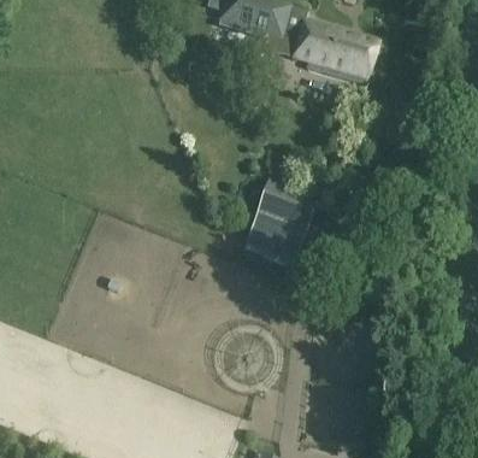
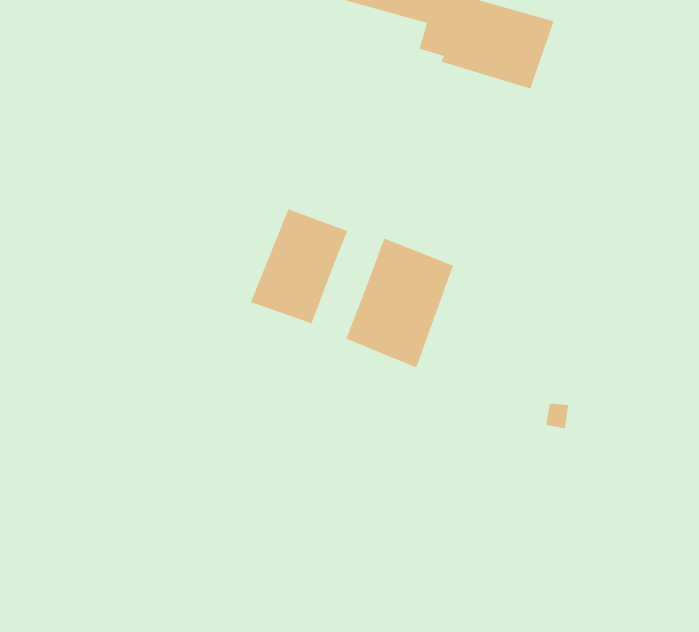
building: none -> [250,208,348,324]

